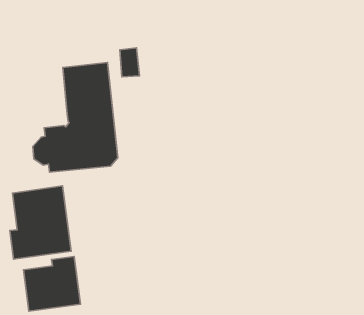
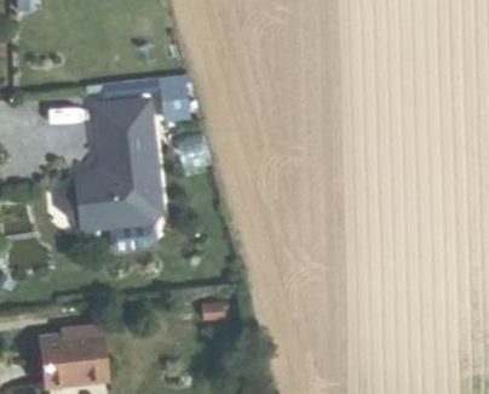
building: [10,186,71,259] -> none

